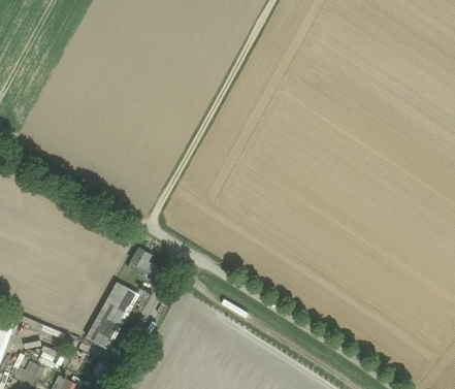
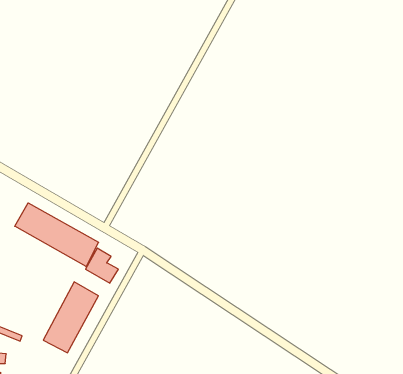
building: none -> [15,203,99,267]

